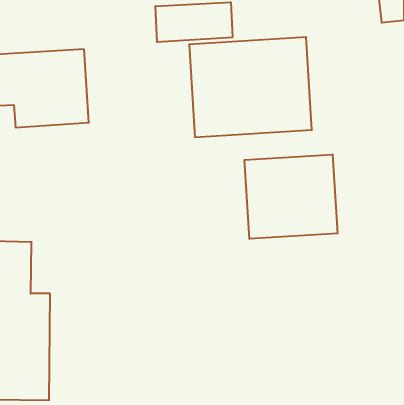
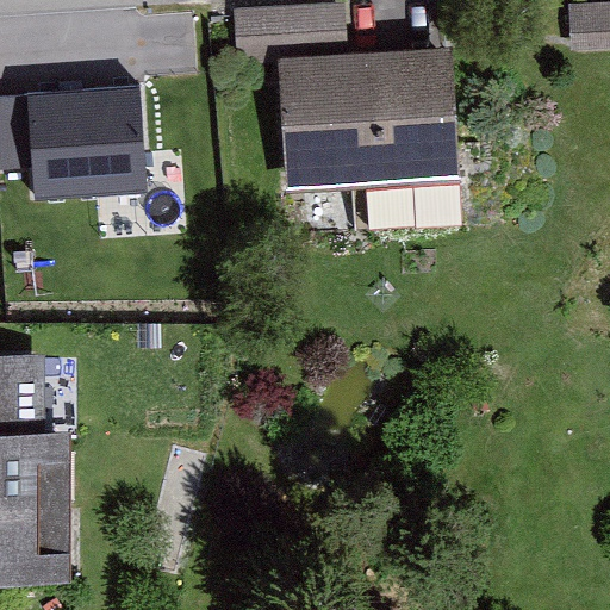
building: [244,154,338,239] -> none

